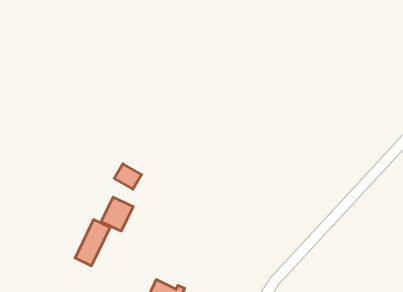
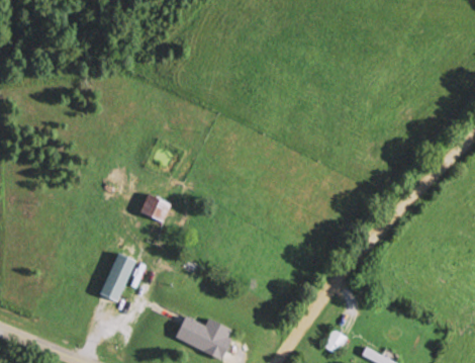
building: [101,197,133,231] -> none

